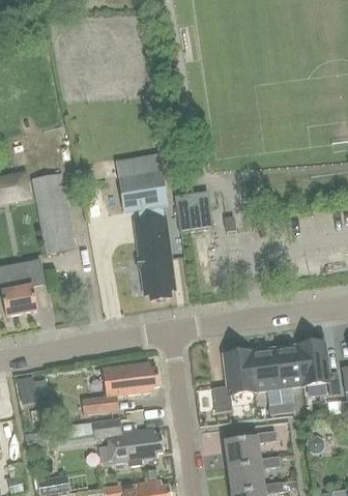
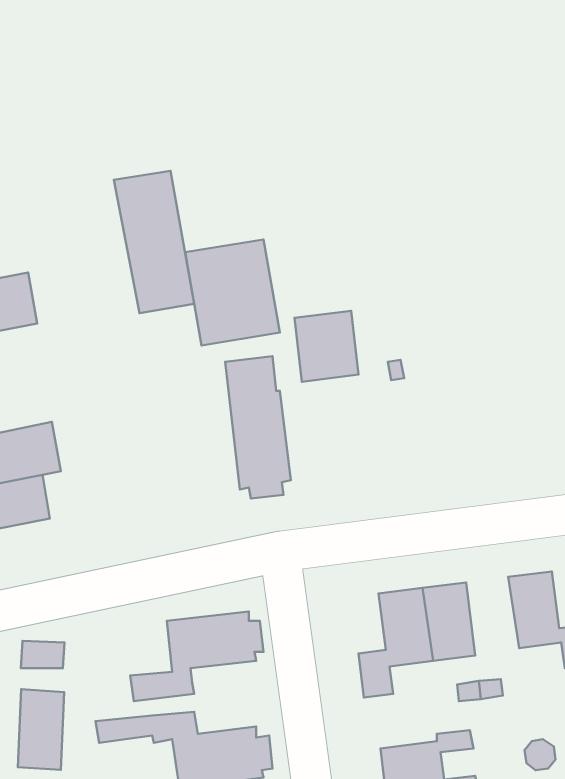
building: [31,173,77,254] -> [114,171,194,313]
building: [273,343,303,387] -> none
building: none -> [18,689,64,770]

